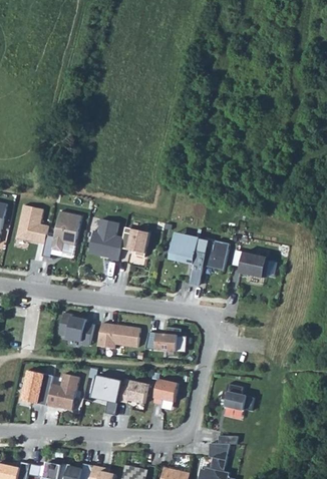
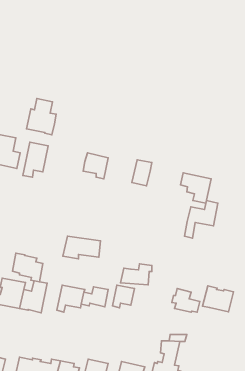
building: [87,217,121,260] -> [27,98,56,135]
building: [190,240,228,283] -> [185,201,218,238]
building: [58,312,93,345] -> [12,253,43,282]
building: [144,326,181,350] -> [120,264,152,285]
building: none -> [202,286,233,312]

